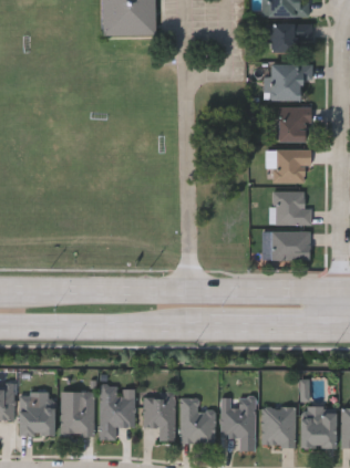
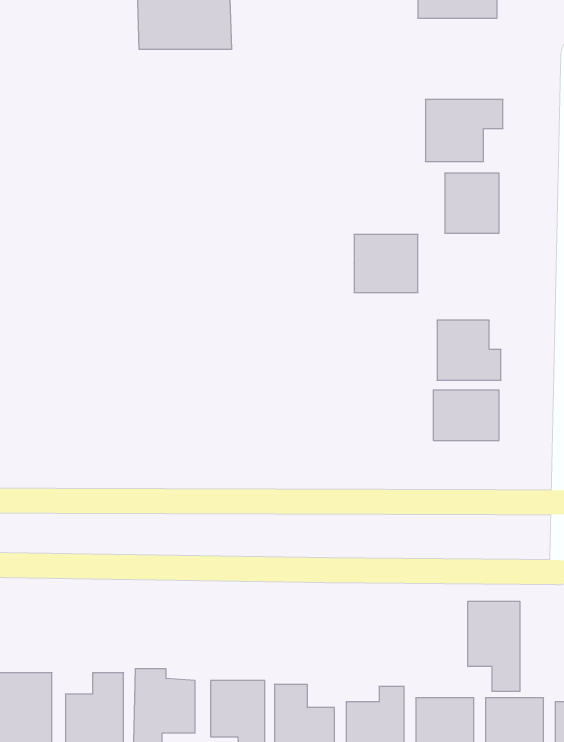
building: [267,24,311,53] -> none
building: [272,149,309,183] -> [354,234,418,293]
building: none -> [468,601,520,691]

